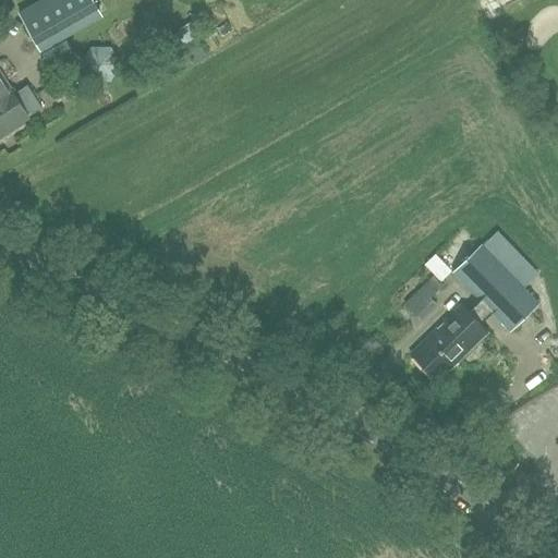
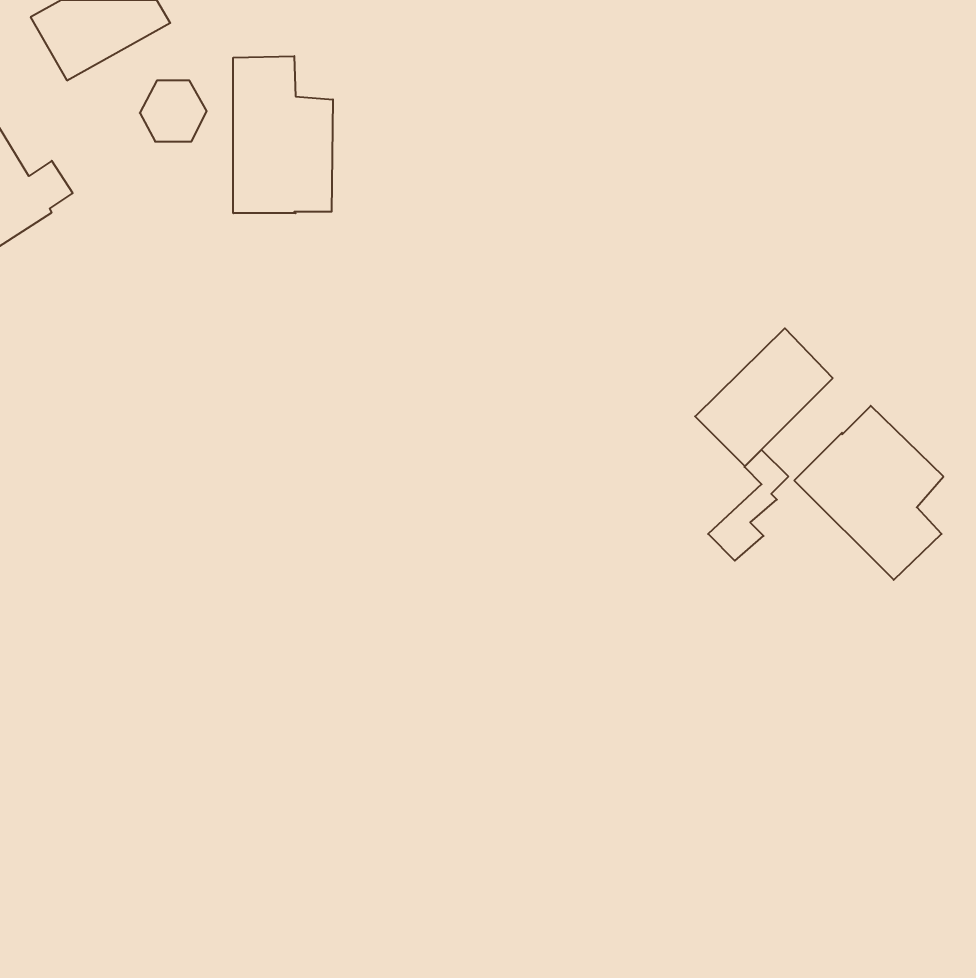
building: none -> [233,56,333,213]
building: [409,304,487,383] -> [695,328,833,466]

